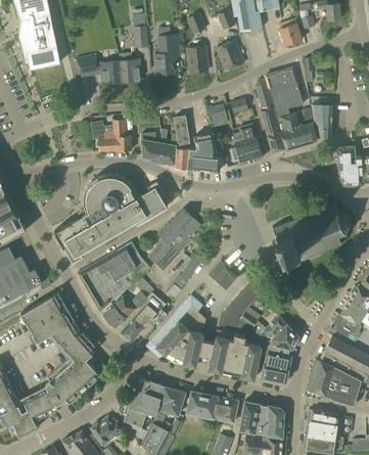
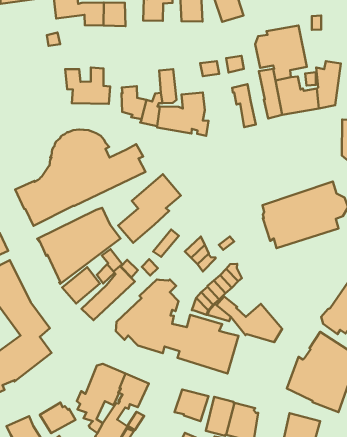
building: [229,131,251,164] -> none
building: [260,343,292,382] -> none
building: [186,391,215,421] -> none

